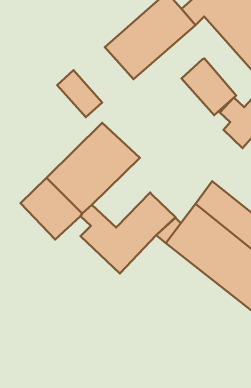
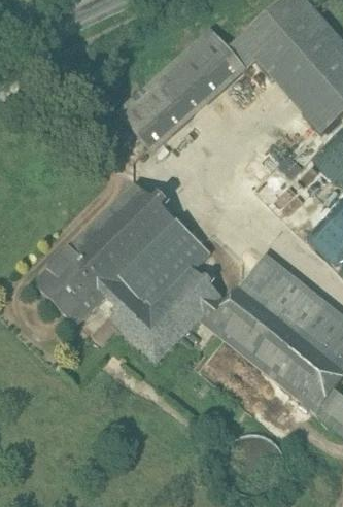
building: [182,58,236,115] -> none
building: [57,70,102,117] -> [118,94,172,149]
building: none -> [123,225,210,307]

